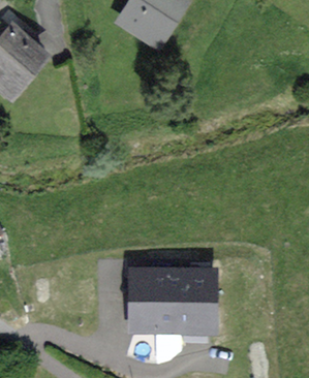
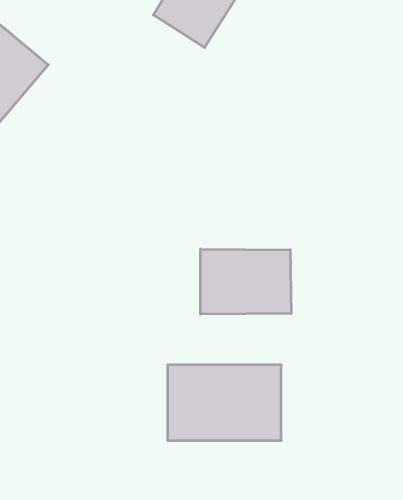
building: none -> [201,249,291,314]

